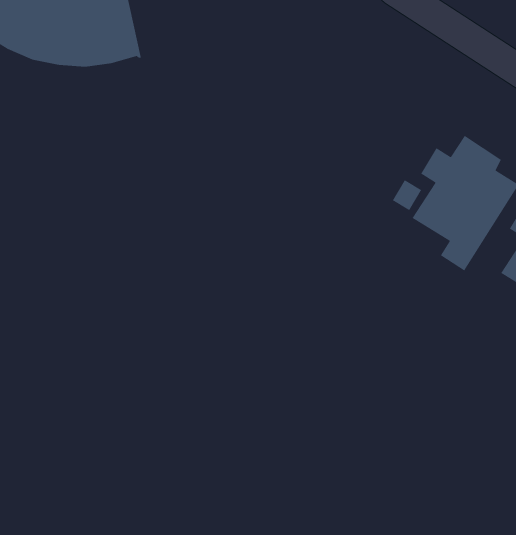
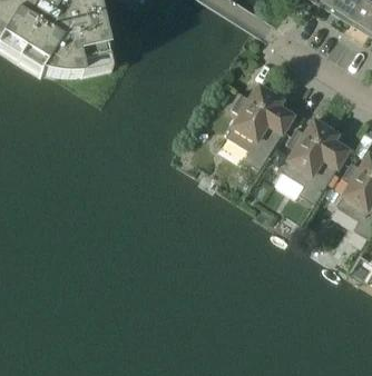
building: none -> [226,85,293,170]

